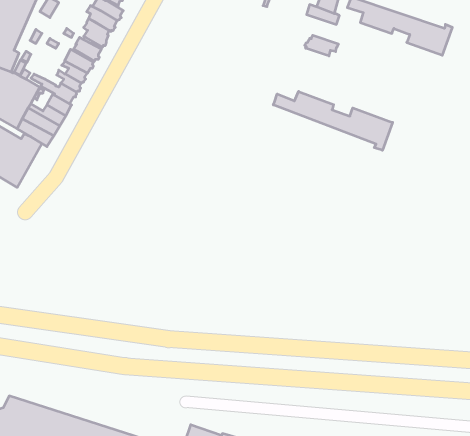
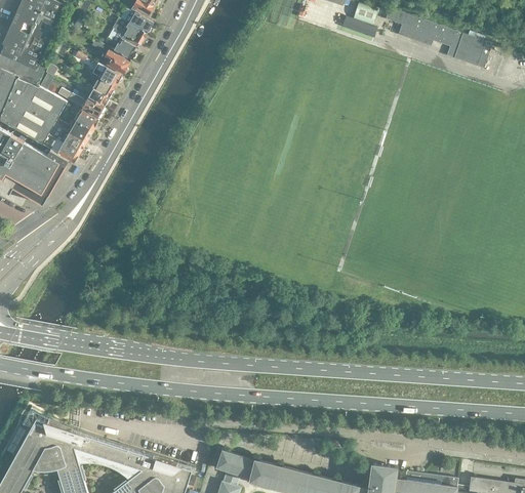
building: [305,35,338,56] -> none
building: [273,91,393,150] -> none

